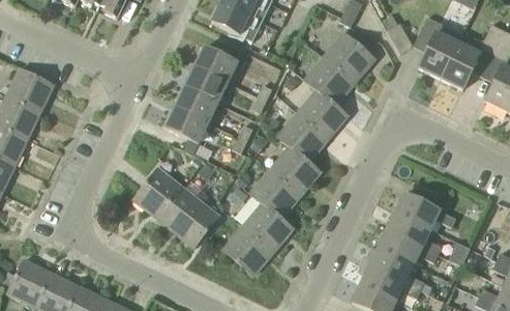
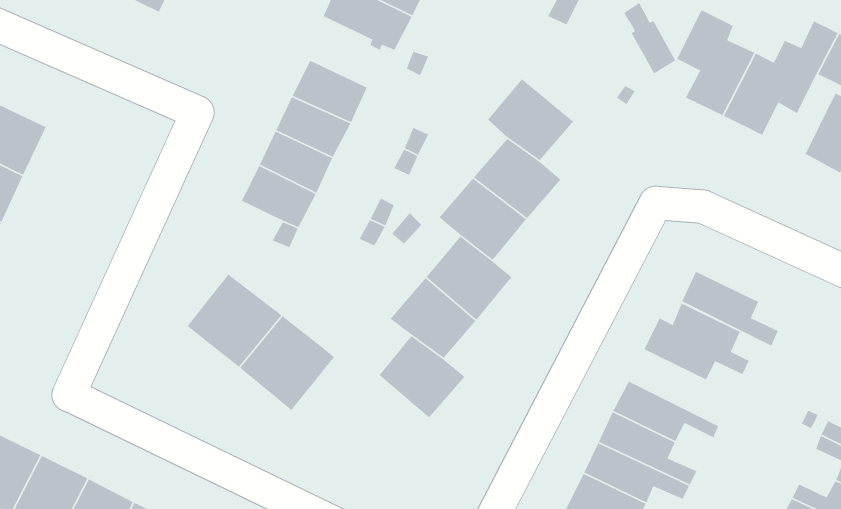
building: [325,32,374,81] -> none
building: [386,211,442,255] -> [681,271,779,347]
building: [222,226,272,275] -> none

